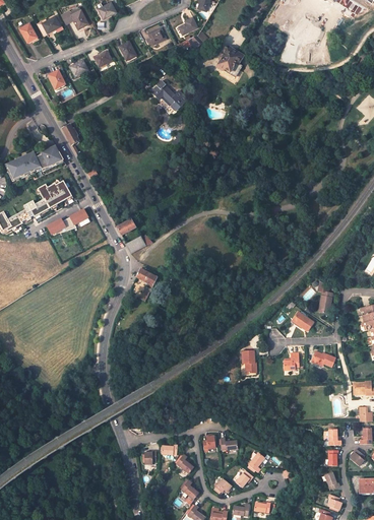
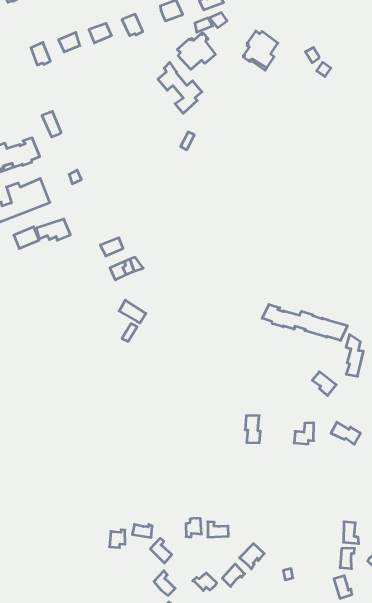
building: none -> [177,33,215,69]
building: none -> [262,304,347,341]

